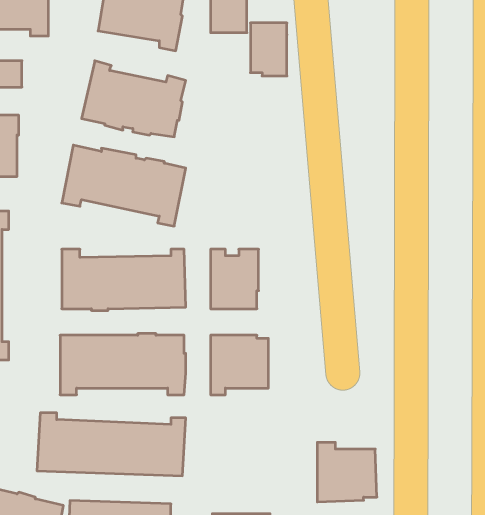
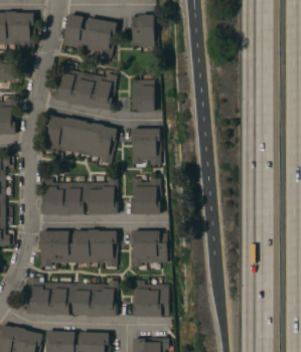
building: [250,23,287,76] -> [132,79,154,112]
building: none -> [132,128,161,164]
building: [317,442,377,502] -> [133,281,169,317]

